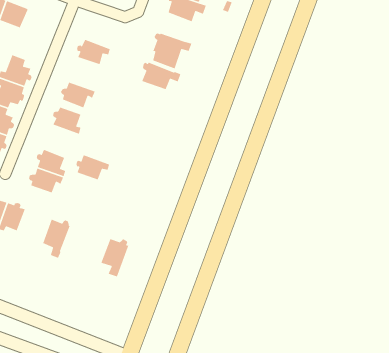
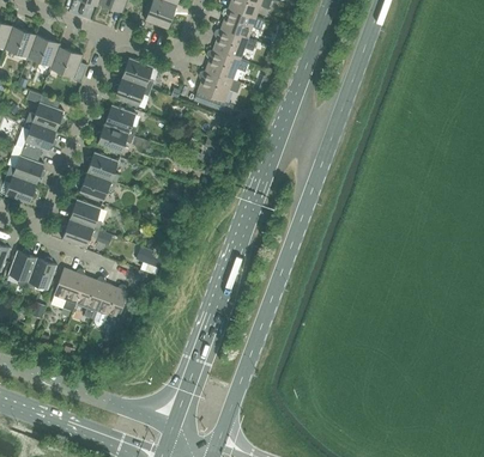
building: none -> [49,48,85,84]
building: none -> [120,59,153,90]
building: [141,62,181,90] -> [204,50,248,81]
building: none -> [102,105,135,136]
building: [75,154,110,180] -> [77,173,115,202]
building: none -> [53,269,84,312]
building: [100,238,129,277] -> [95,285,127,328]

